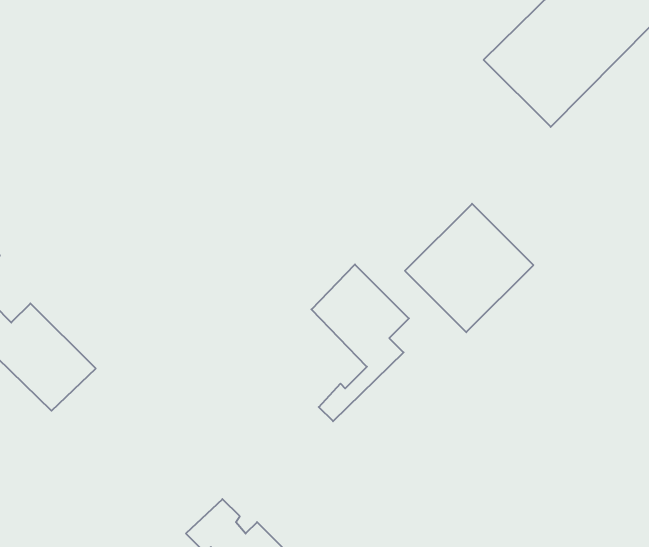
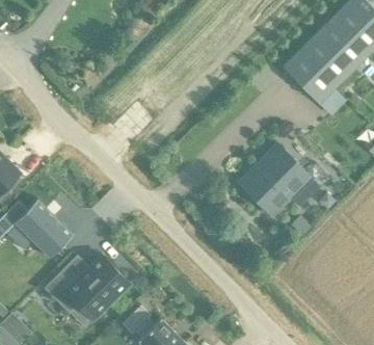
building: [311,264,409,421] -> none
building: none -> [46,256,130,320]

